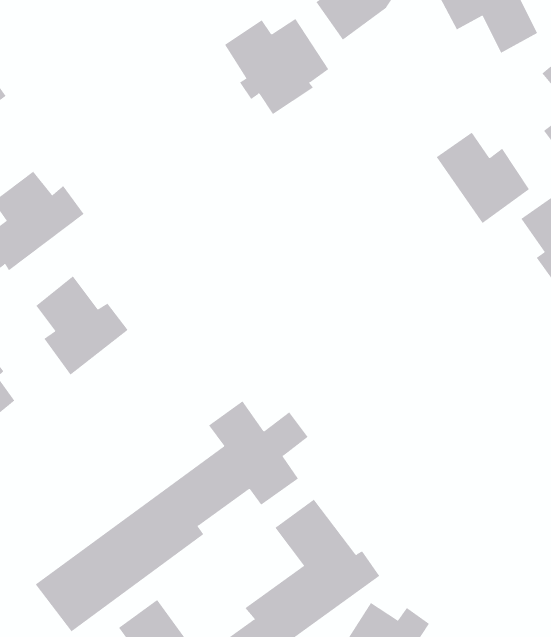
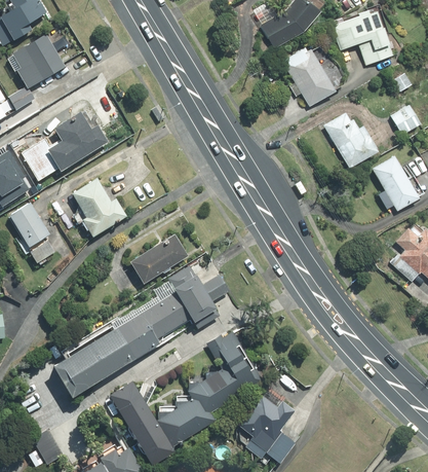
building: [224,18,329,115] -> [282,48,345,107]
building: none -> [133,233,191,283]

